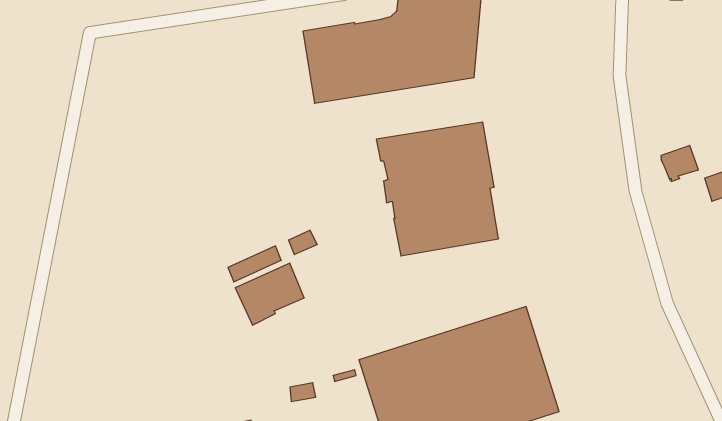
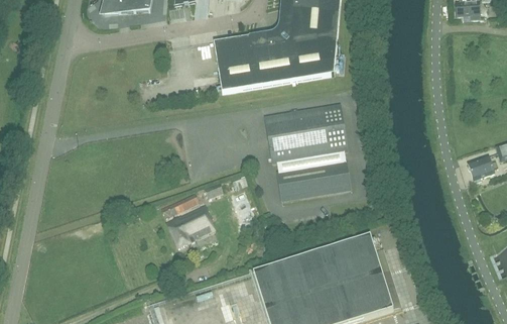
building: [661,145,698,181] -> [467,154,493,180]

